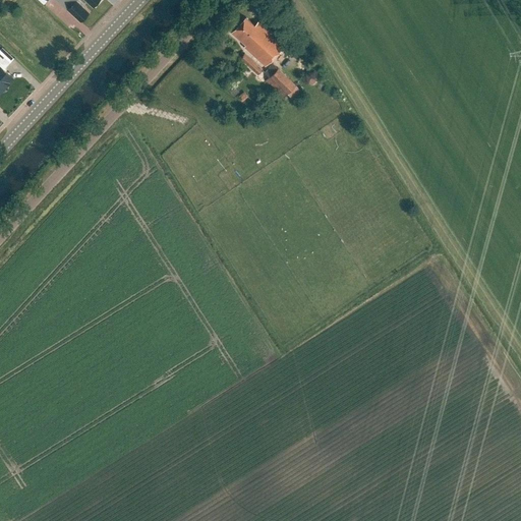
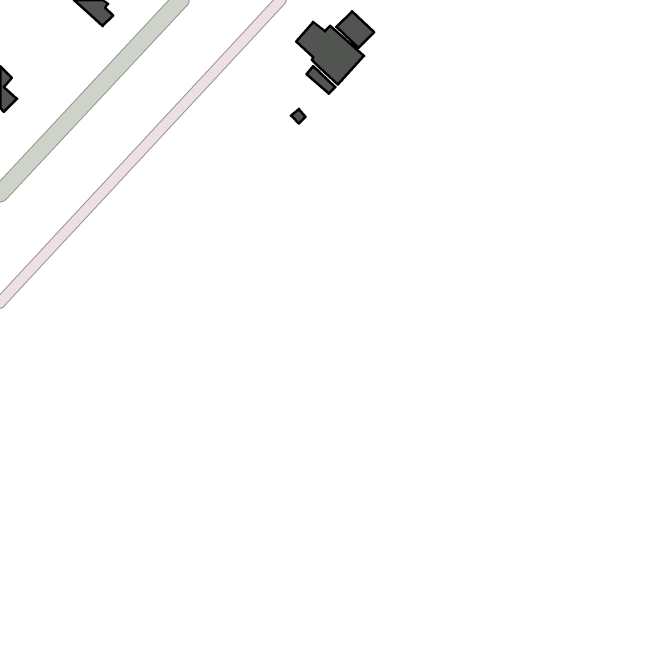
building: [266,70,295,99] -> [336,11,374,48]

